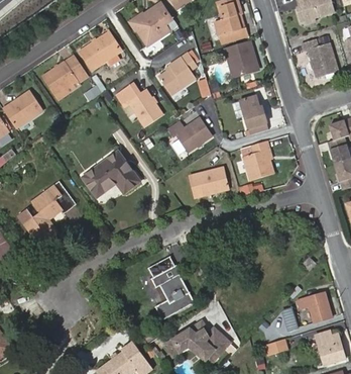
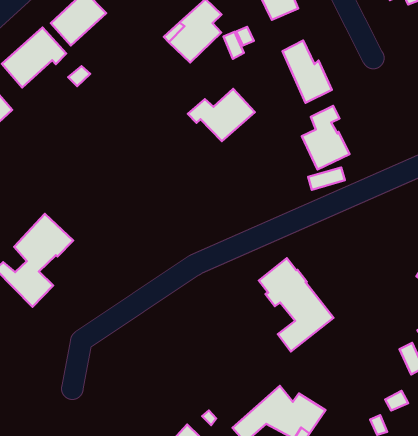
building: [116,83,163,129] -> none
building: [84,152,140,197] -> none
building: [186,168,227,198] -> none
building: [145,258,192,321] -> [259,258,334,351]

